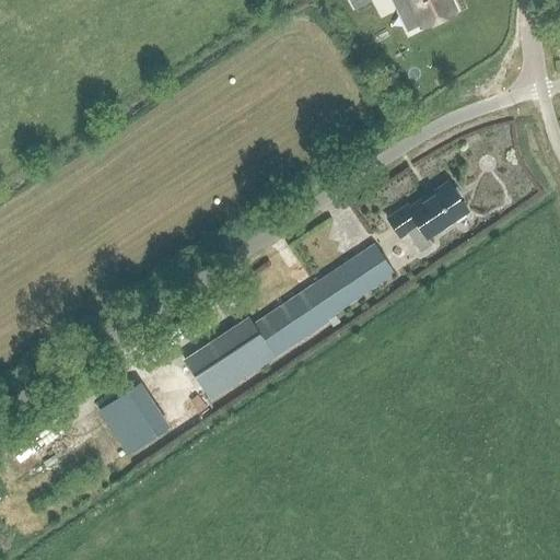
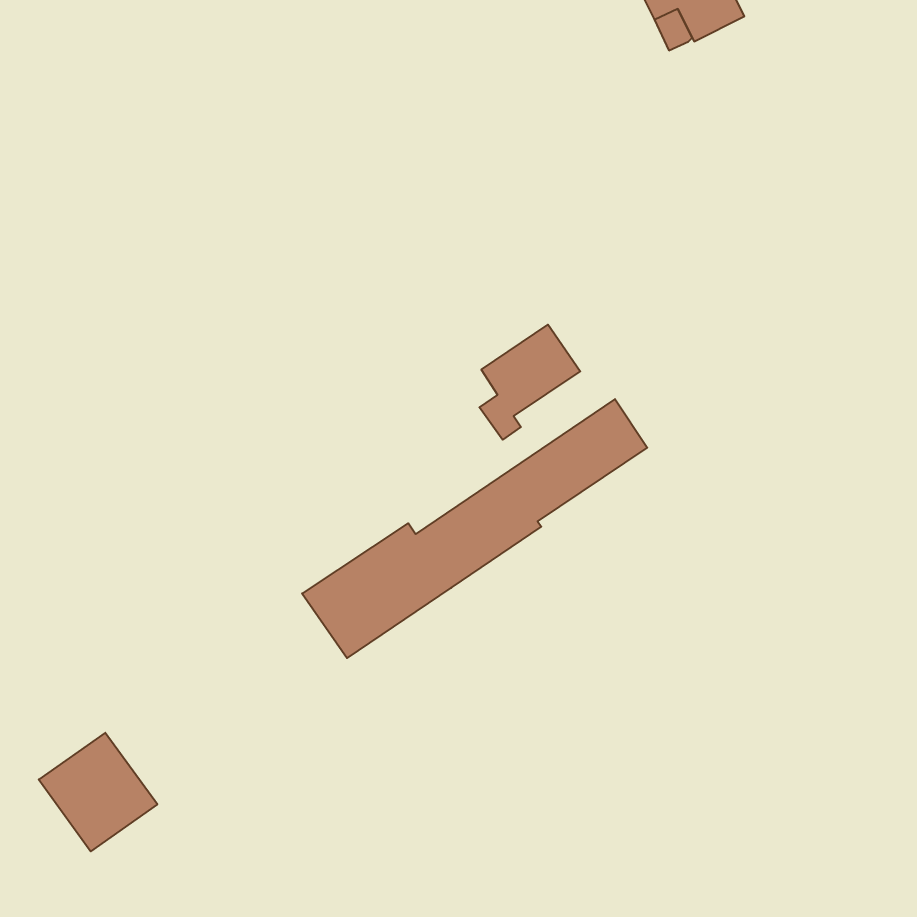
building: [408,182,469,252] -> [479,325,580,440]
building: [93,377,165,450] -> [39,733,157,851]

